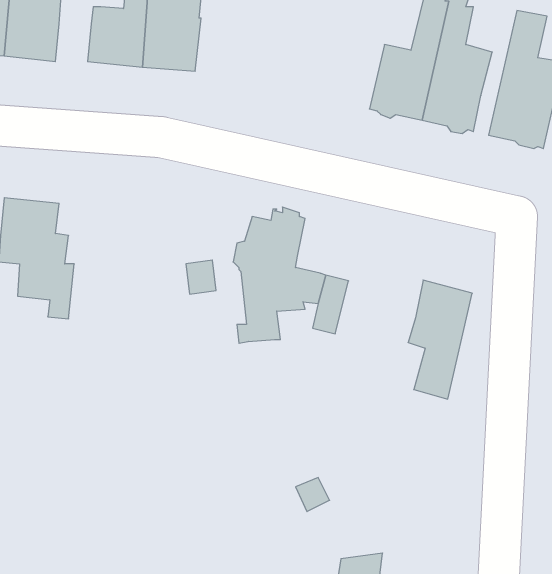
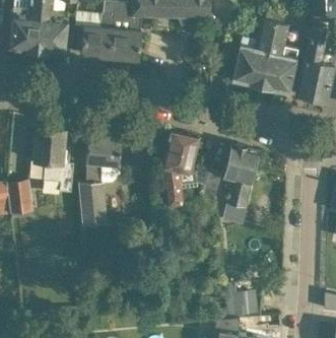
building: none -> [77,133,121,227]
building: [408,280,472,399] -> [223,144,258,208]
building: none -> [226,291,259,319]

